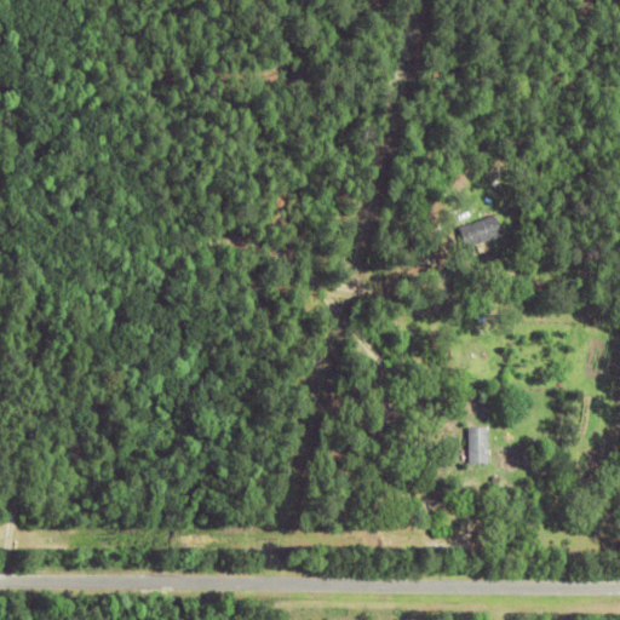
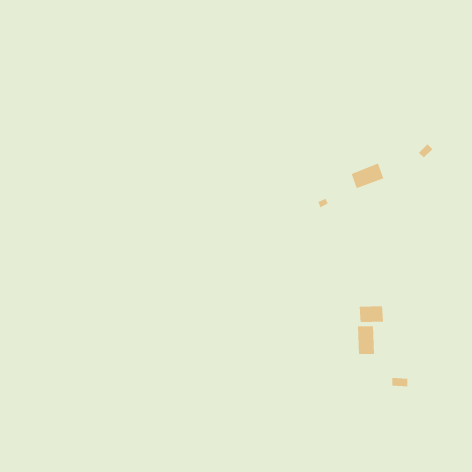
building: none -> [359,306,384,323]

